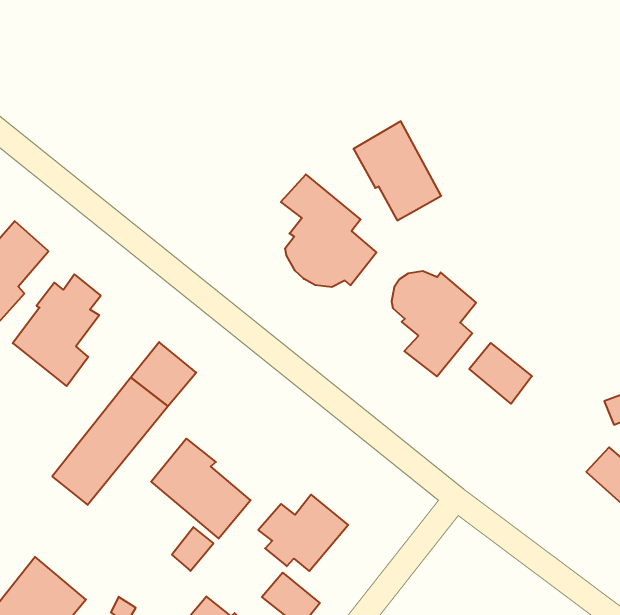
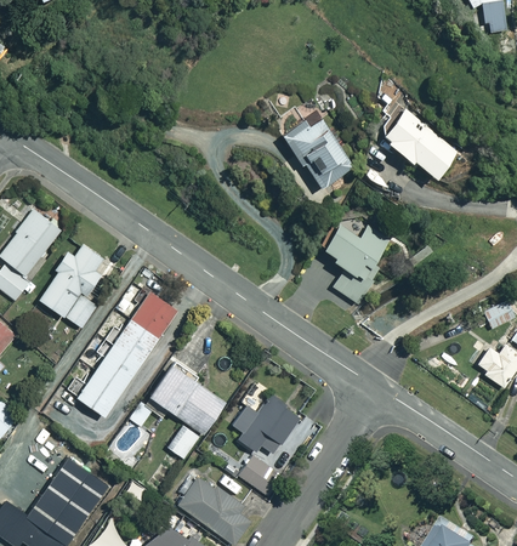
building: none -> [381,109,456,178]
building: [281,174,376,287] -> none
building: [469,343,532,404] -> none

